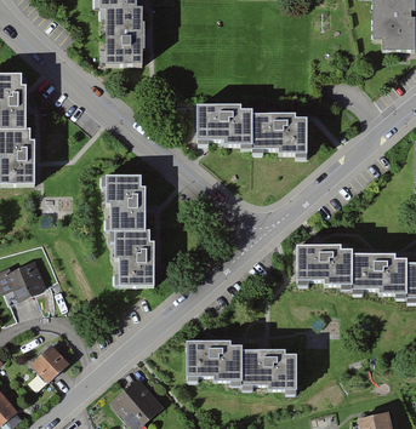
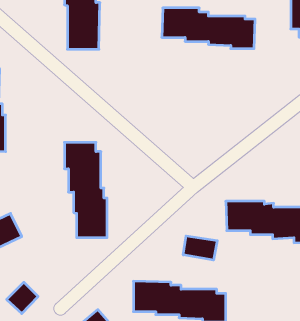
building: [194,107,306,155] -> [162,8,255,49]
building: none -> [183,236,217,260]

